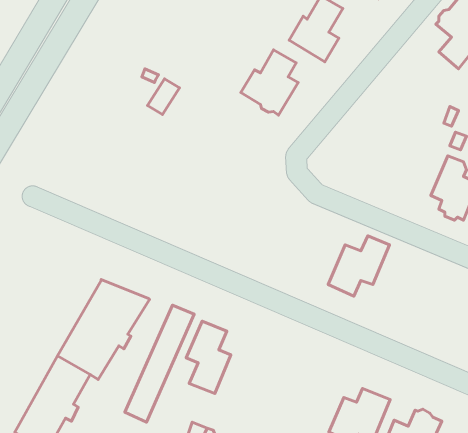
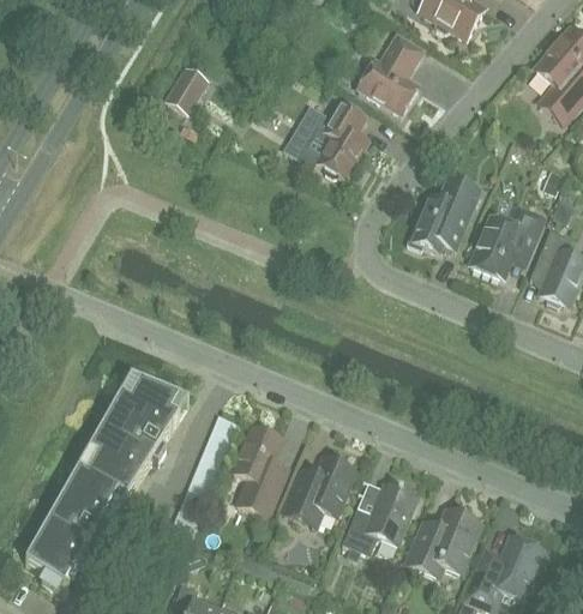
building: [148,79,179,115] -> [167,66,205,109]
building: none -> [407,176,480,251]
building: [328,236,390,296] -> [470,204,545,277]
building: none -> [283,457,354,524]
building: none -> [342,482,416,553]

